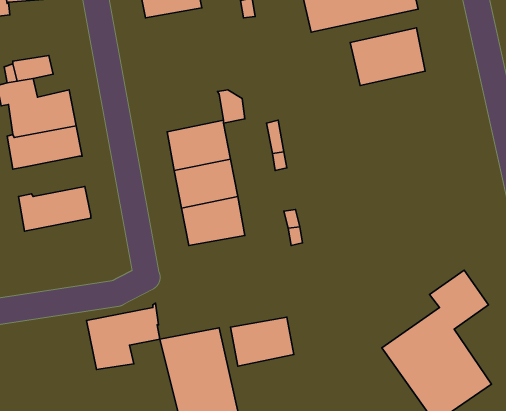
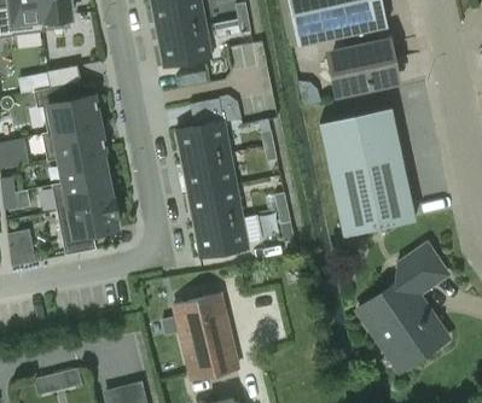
building: none -> [158,25,211,66]
building: none -> [319,109,413,234]
building: none -> [59,150,108,183]
building: [86,303,160,370] -> [57,198,118,253]
building: [231,317,294,366] -> [194,216,248,257]

